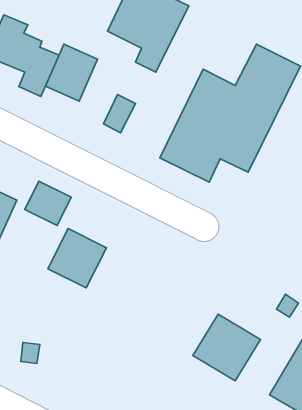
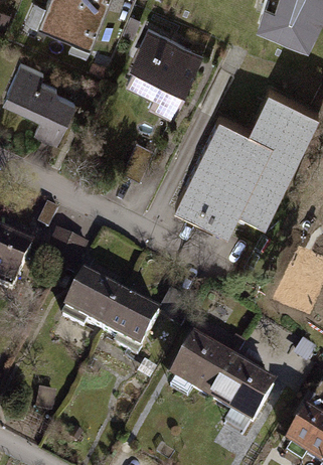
building: [45,44,97,101] -> none
building: none -> [105,296,163,355]
building: none -> [172,339,236,404]

